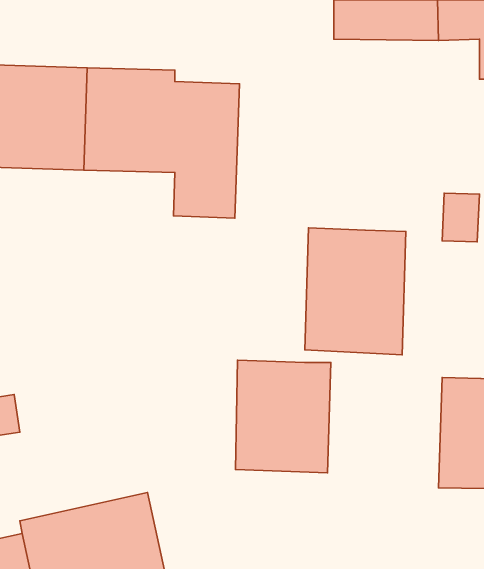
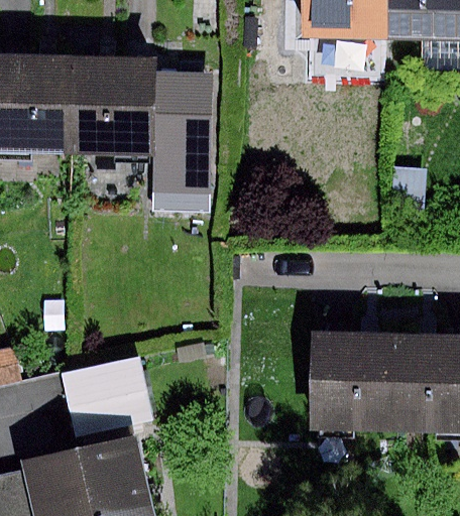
building: [305,228,406,355] -> none
building: [235,360,331,473] -> [310,333,394,432]
building: none -> [64,364,152,438]

